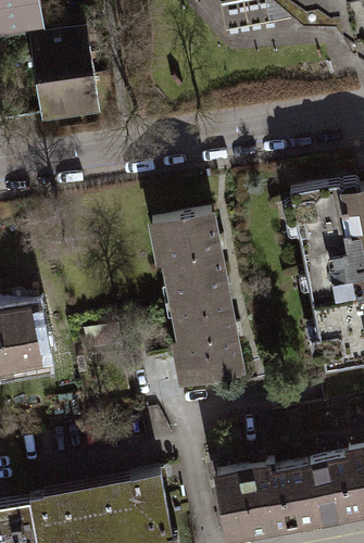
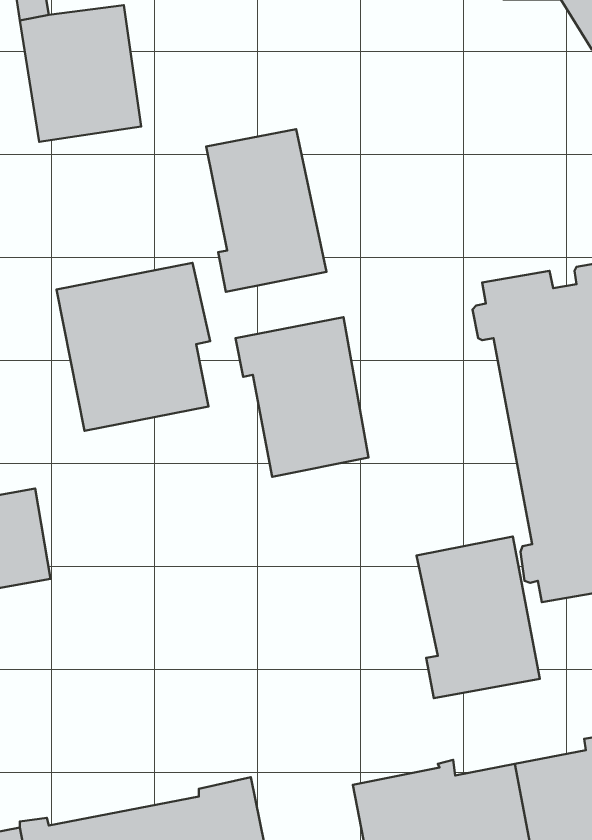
building: none -> [206,129,326,292]
building: none -> [57,263,210,431]
building: [173,289,242,380] -> [417,536,540,698]

